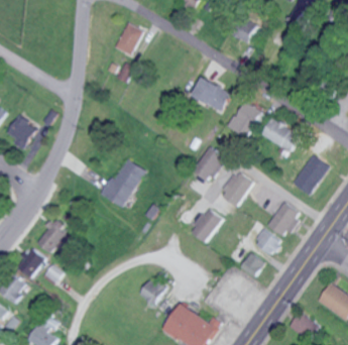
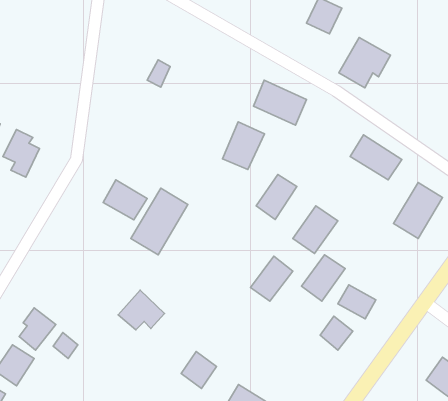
building: [111,23,138,54] -> none
building: [229,101,267,138] -> [339,37,391,88]
building: none -> [222,122,265,170]
building: none -> [103,180,147,220]
building: [267,202,300,236] -> [301,255,345,301]
building: [35,223,70,252] -> [118,290,165,330]

